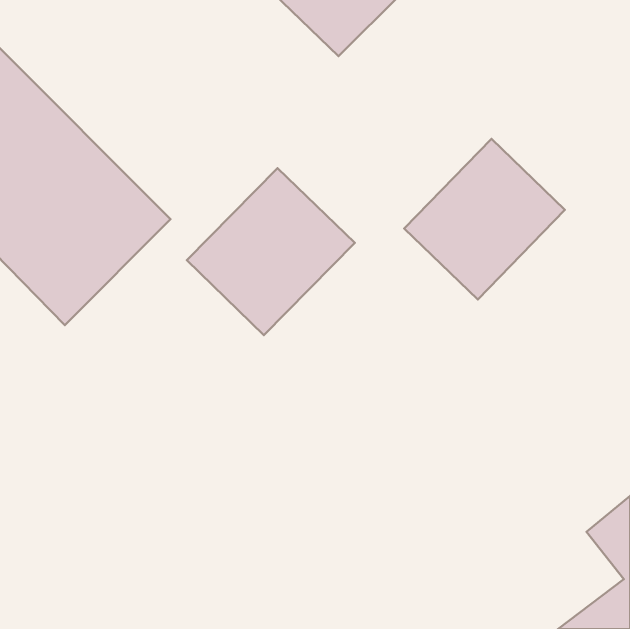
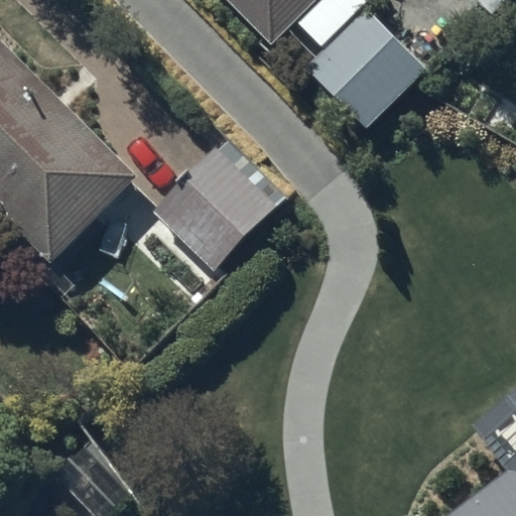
building: [404,139,565,299] -> [293,11,423,141]

